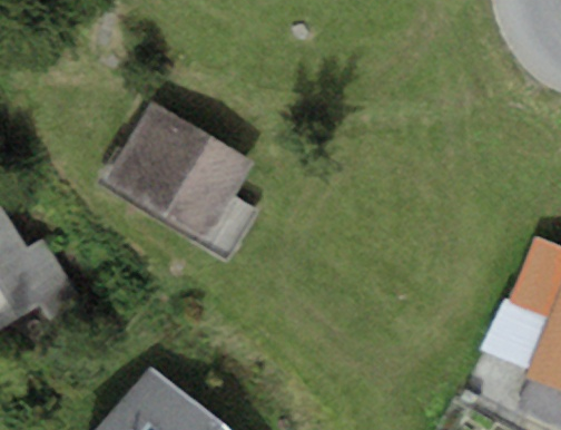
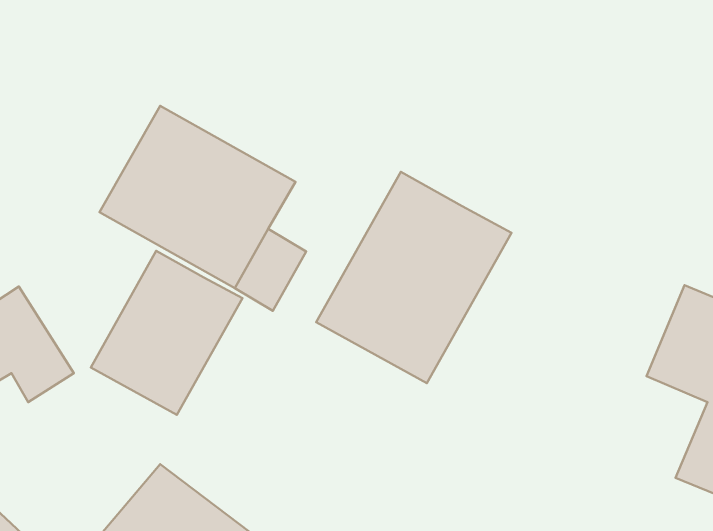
building: none -> [316,172,511,383]
building: none -> [91,251,242,415]

